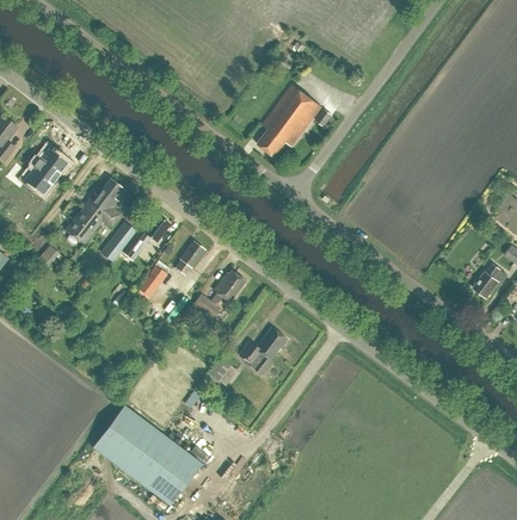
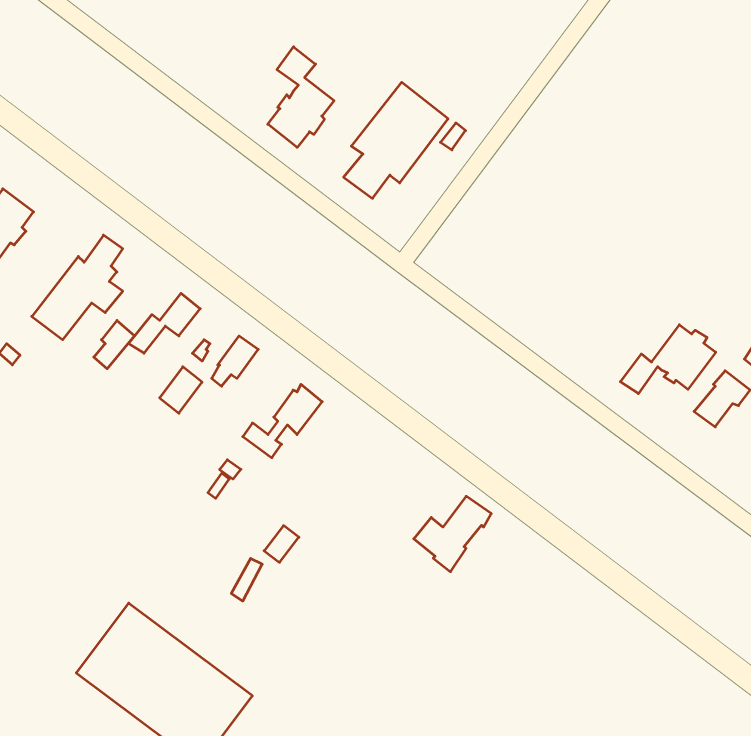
building: none -> [268,47,334,147]
building: none -> [620,325,716,394]
building: [239,327,287,373] -> [414,496,491,572]

